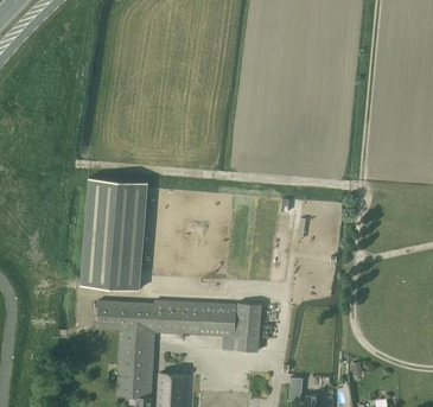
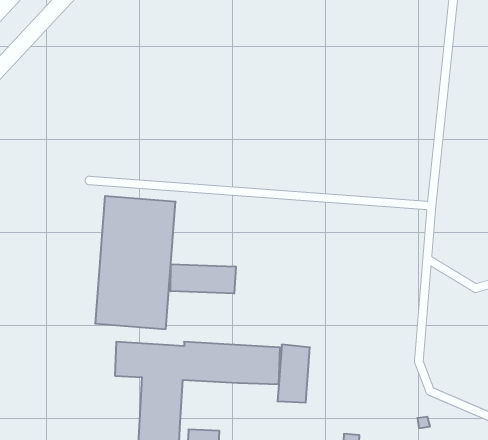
building: none -> [171,264,236,294]

